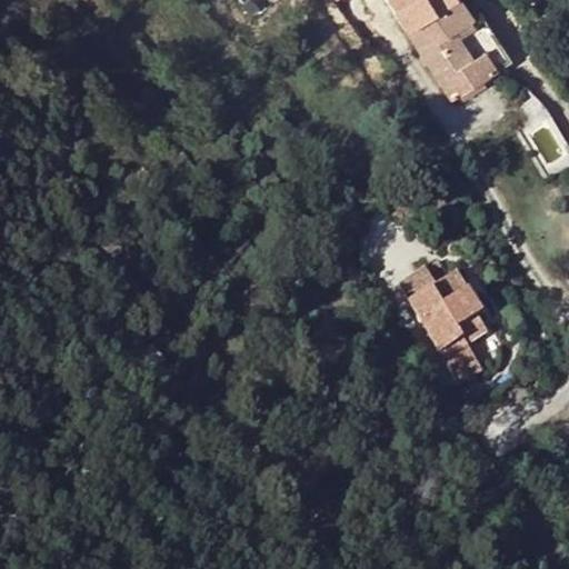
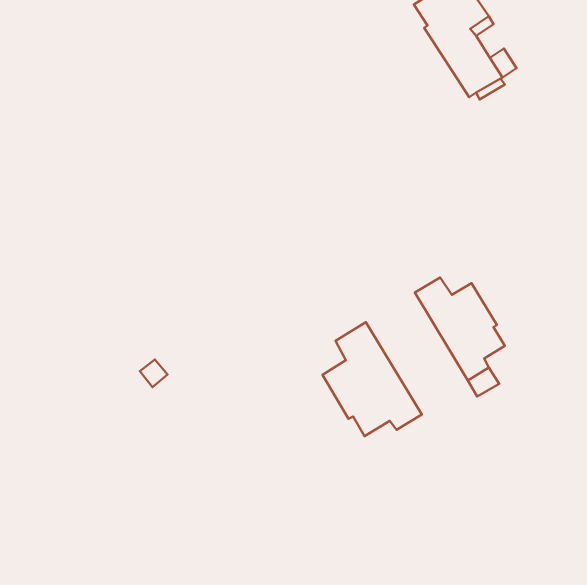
building: none -> [322,322,422,436]

